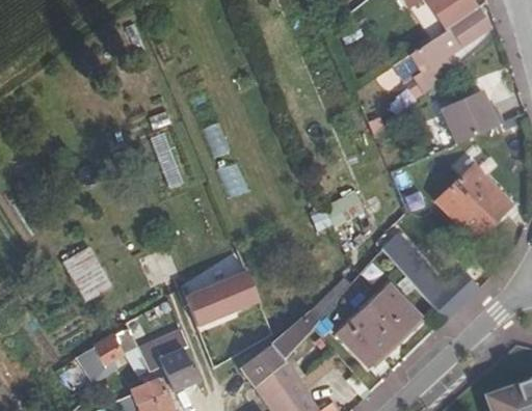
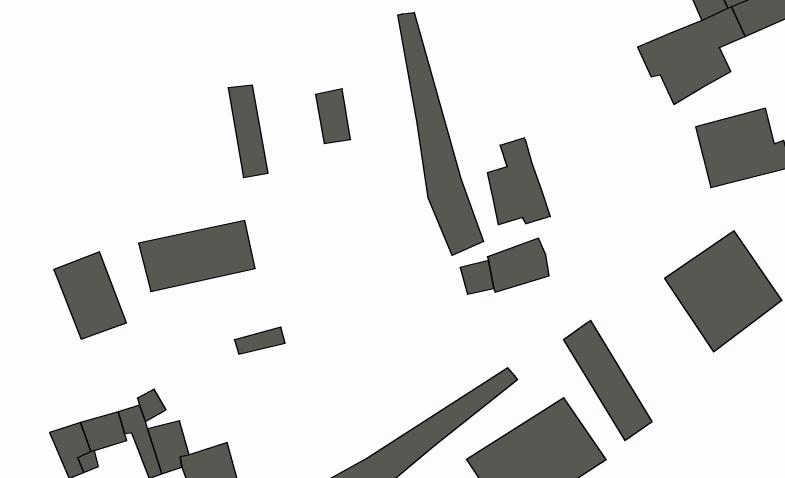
building: none -> [398,12,483,255]
building: none -> [488,138,550,225]
building: [186,272,260,325] -> [138,221,255,291]

